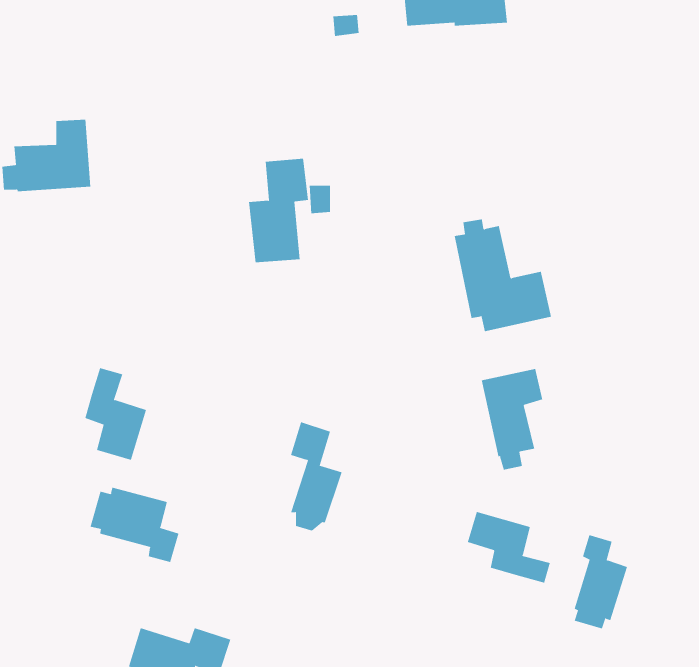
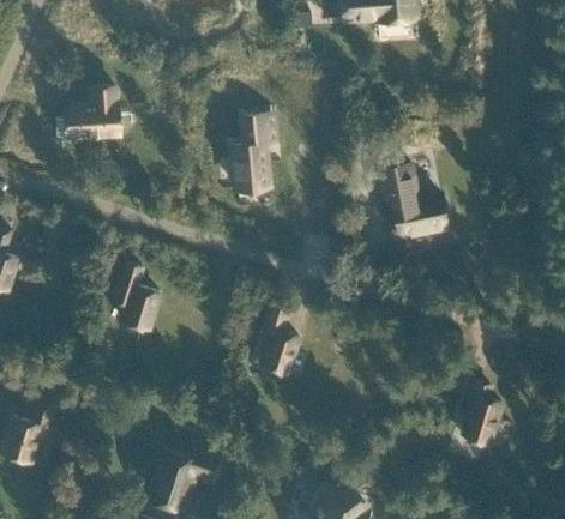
building: [481,368,543,471] -> none
building: [90,487,179,563] -> none
building: [467,511,551,583] -> none

